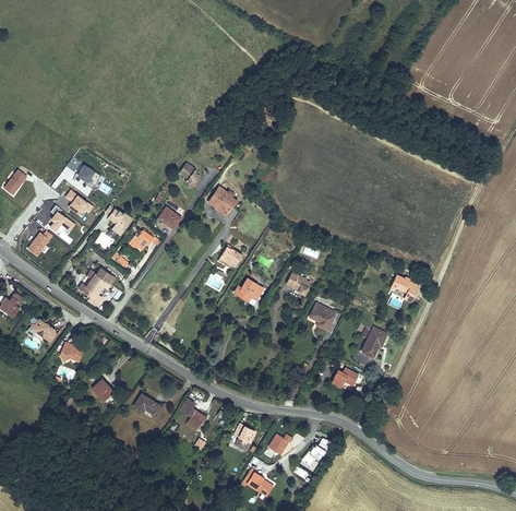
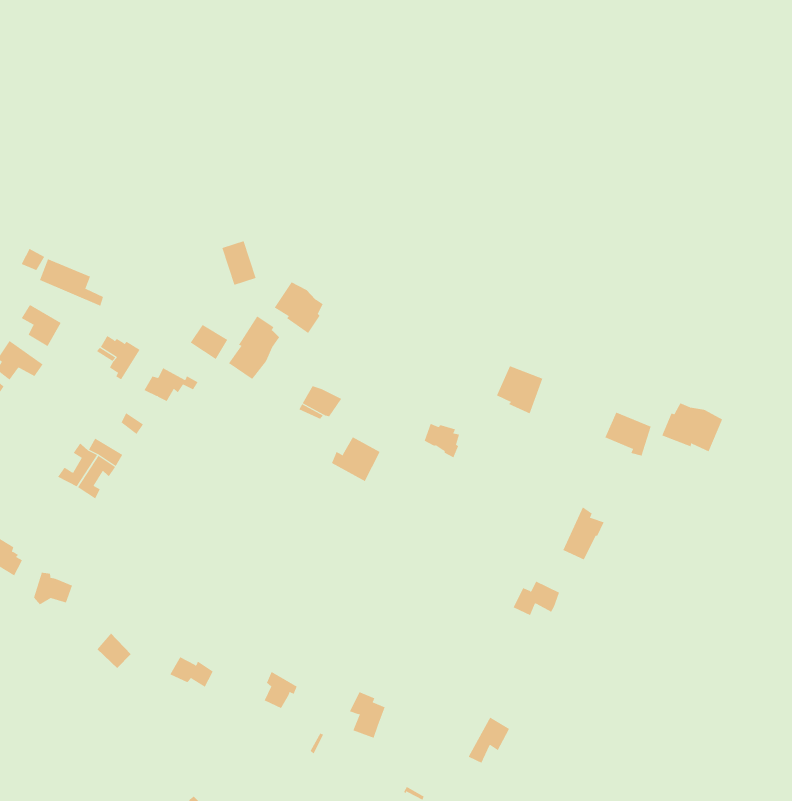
building: none -> [228,316,280,380]
building: none -> [662,403,723,452]
building: [308,302,335,331] -> [496,366,543,414]

